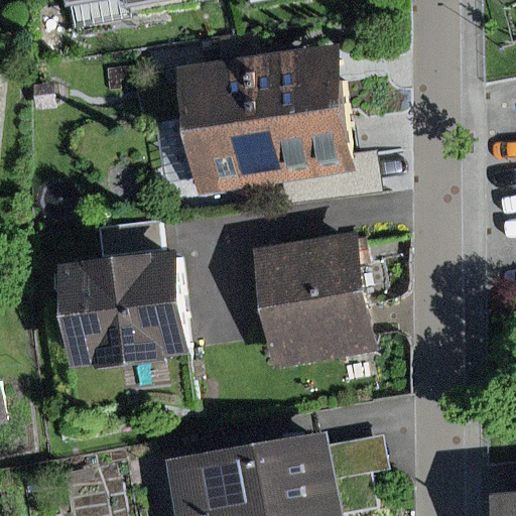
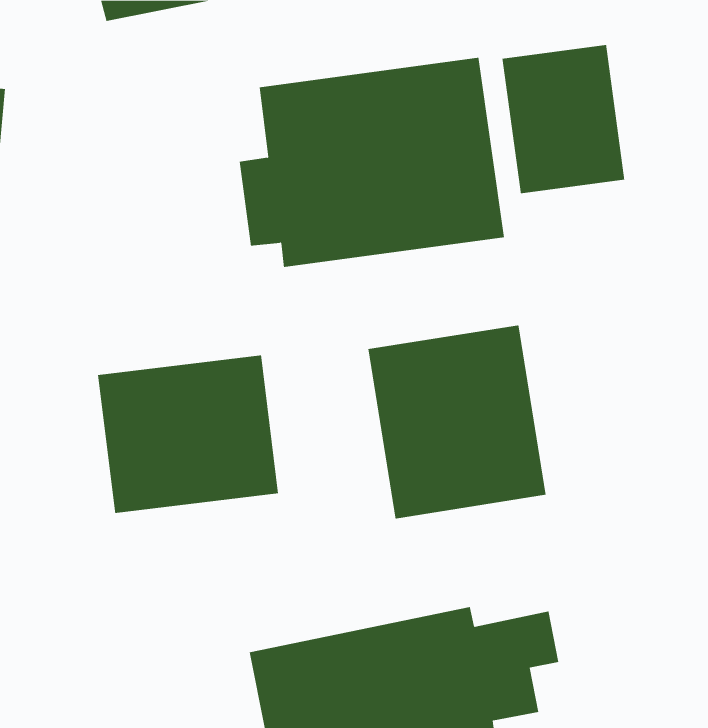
building: none -> [502,44,625,194]

